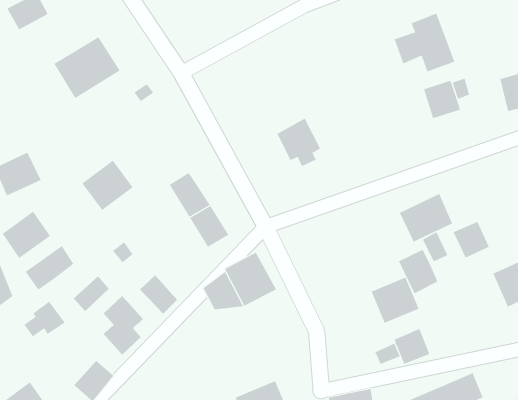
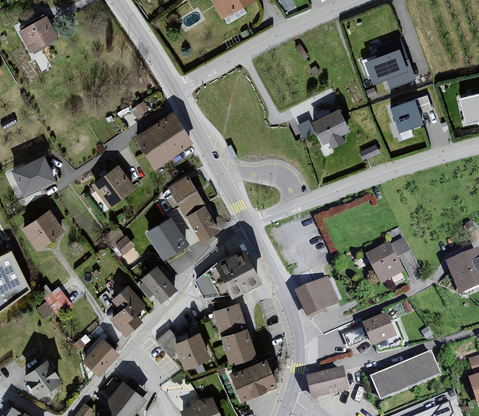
building: [53,36,120,99] -> [132,113,191,168]
building: [277,118,321,167] -> [311,104,350,147]
building: [399,193,453,242] -> none
building: none -> [146,219,186,260]
building: [453,221,489,259] -> none
building: [25,245,74,290] -> none
building: [73,276,110,312] -> none
building: [371,277,420,323] -> [299,275,342,316]
building: none -> [208,303,252,363]
building: none -> [169,331,207,369]

